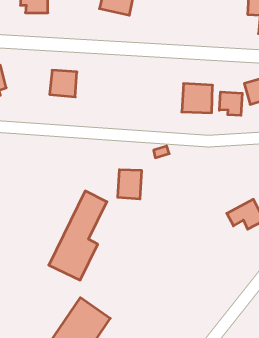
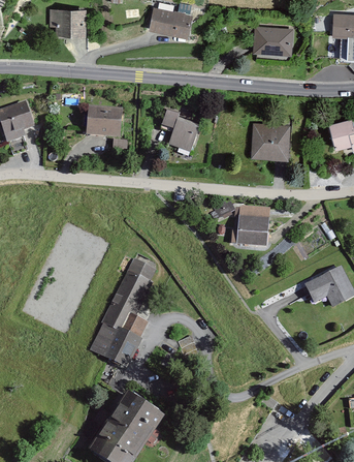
building: none -> [254,25,294,57]
building: none -> [163,114,199,154]
building: [219,92,242,115] -> none
building: [118,170,142,199] -> [238,208,268,244]

